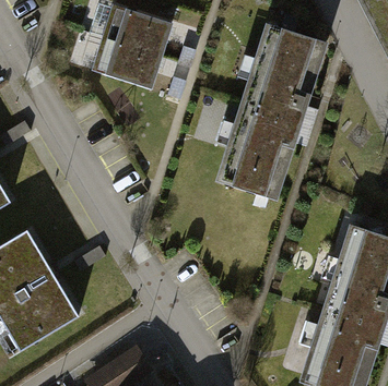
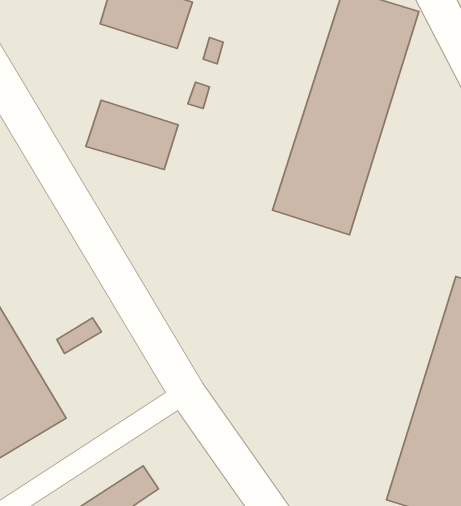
building: [94,38,160,87] -> [86,100,178,169]

